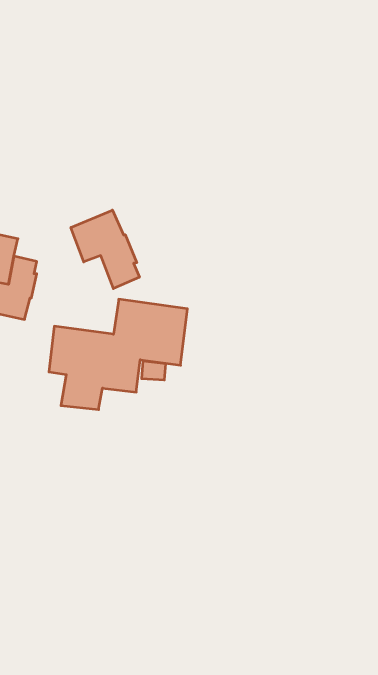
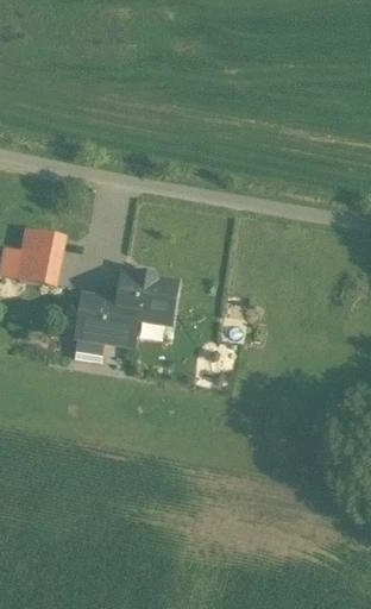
building: [71,210,139,289] -> none

